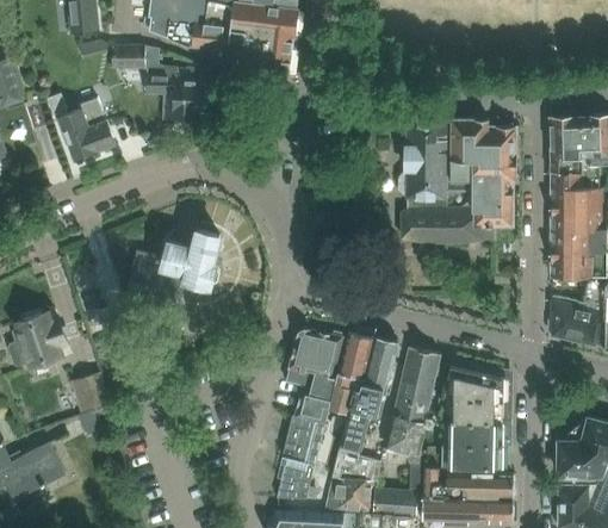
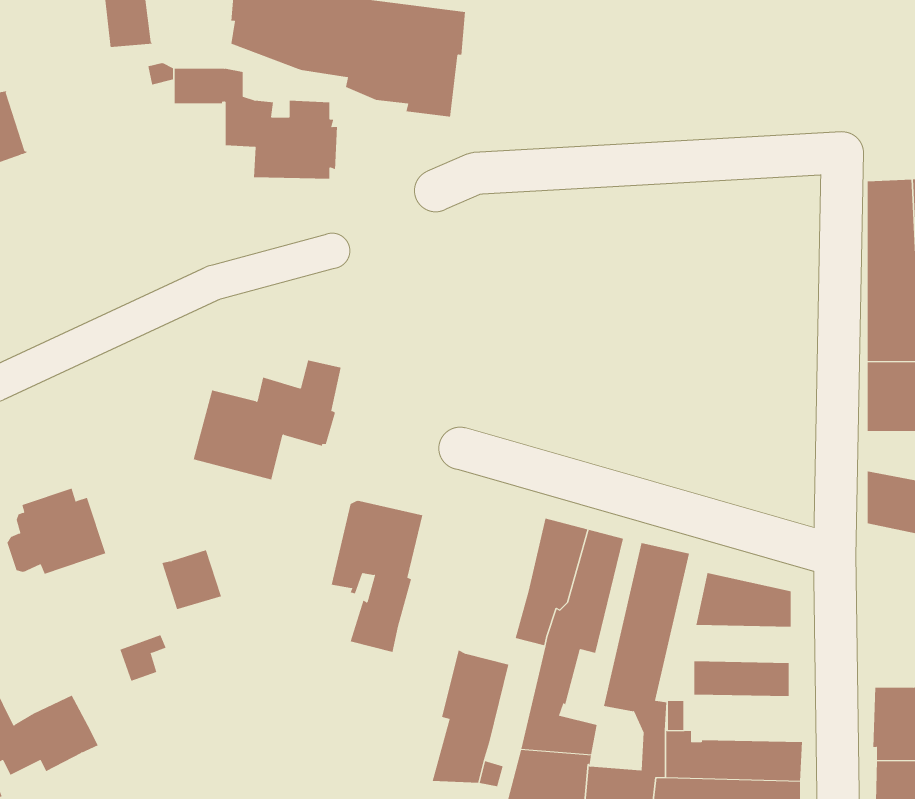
building: [46,93,116,160] -> none
building: [398,119,521,243] -> none
building: [286,328,345,424] -> [331,500,423,653]
building: [72,374,110,412] -> [161,550,222,610]
building: [442,399,504,423] -> none
building: [442,443,503,468] -> none

